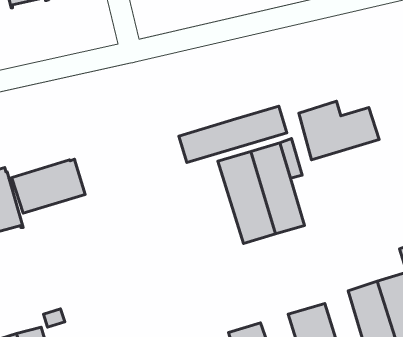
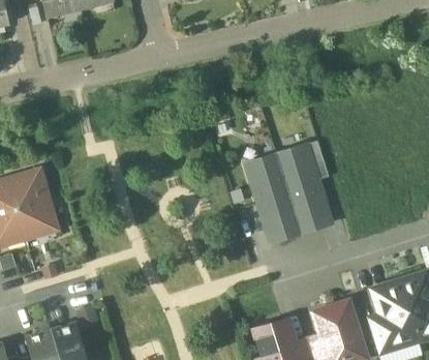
building: [299,101,379,160] -> none
building: [179,106,287,163] -> none
building: [9,159,85,213] -> none

